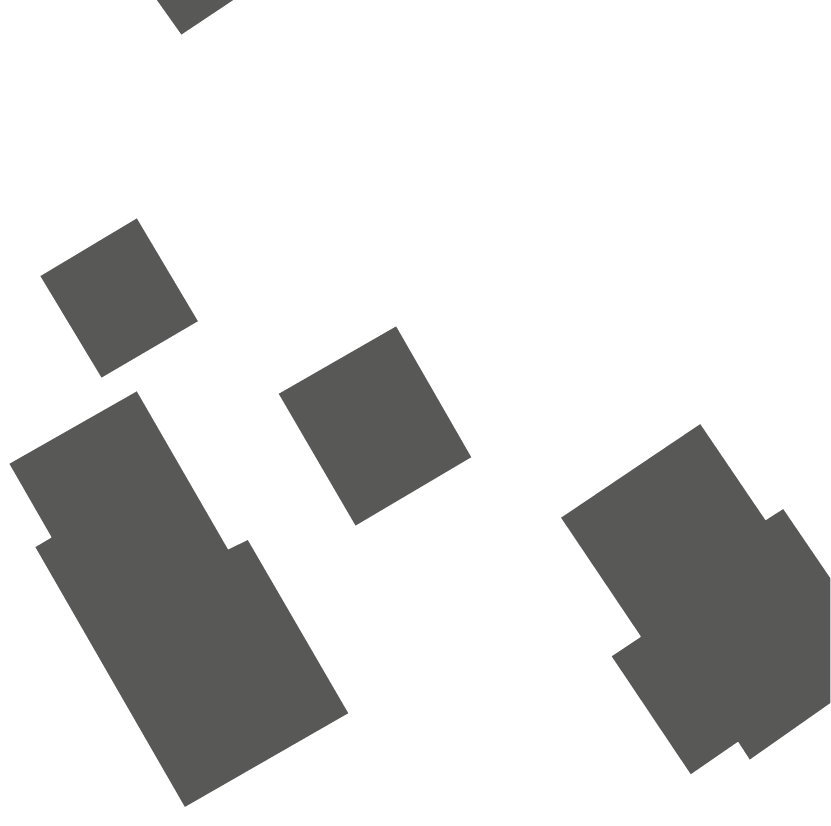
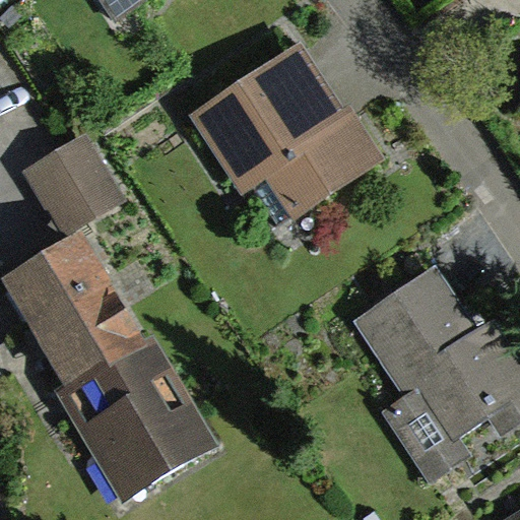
building: none -> [193,39,388,217]
building: [278,325,472,527] -> none

